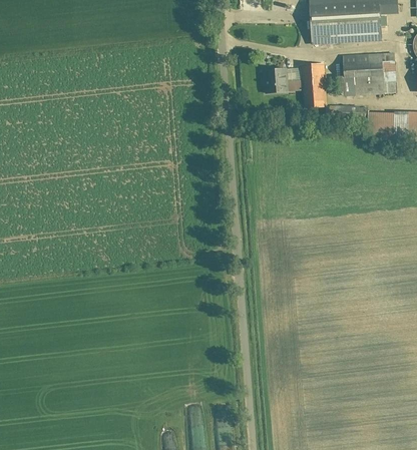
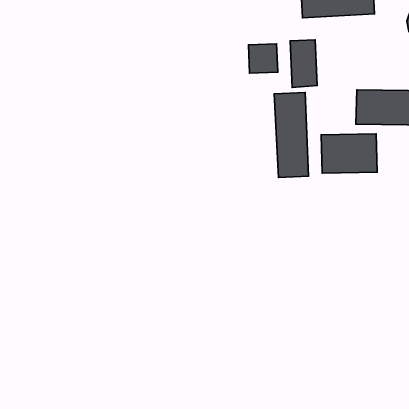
building: [343,52,397,90] -> [321,134,377,173]
building: none -> [274,92,308,178]

